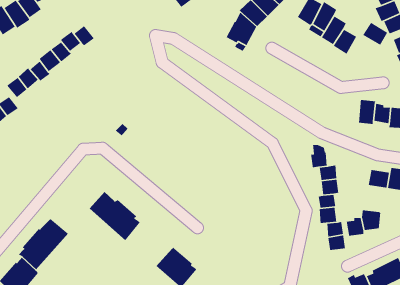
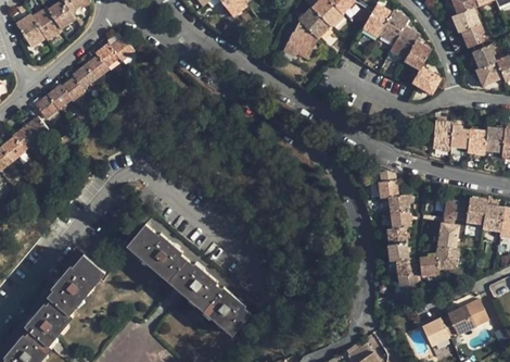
building: [362,22,388,46] -> [411,66,441,93]
building: none -> [436,222,458,247]
building: none -> [169,259,221,309]

